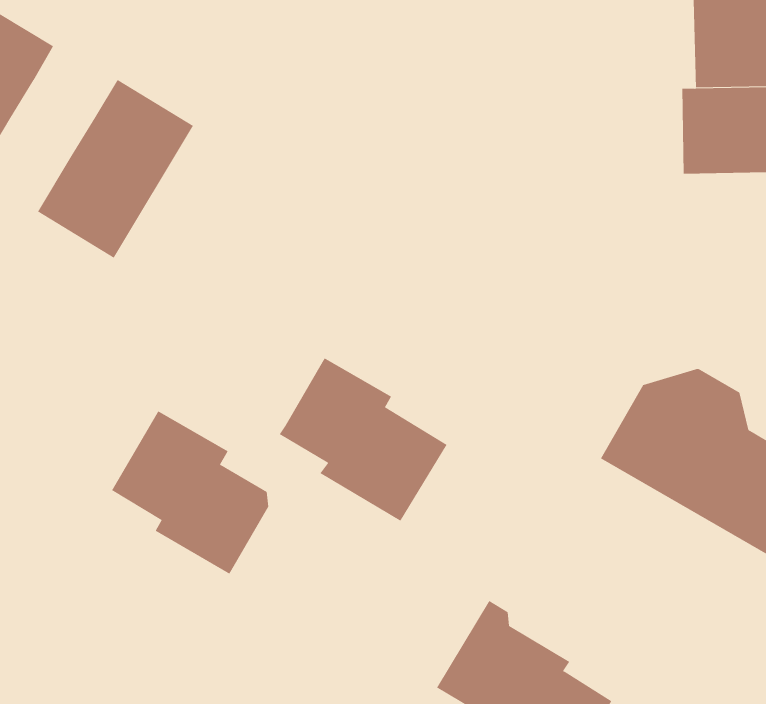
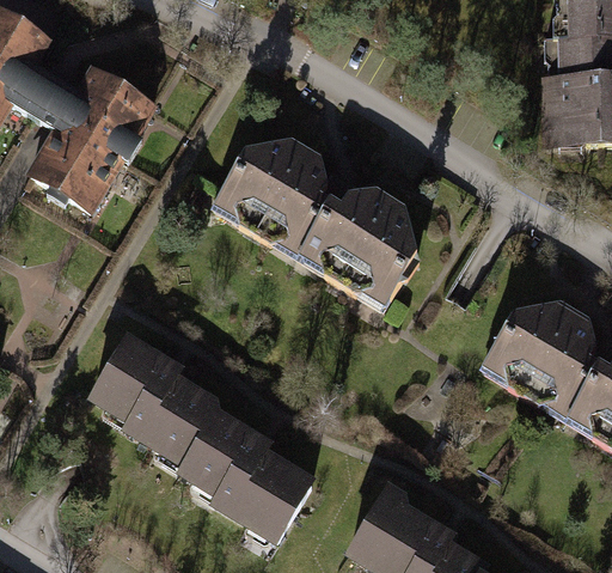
building: none -> [10,72,76,132]
building: none -> [209,135,412,305]
building: [279,357,447,521] -> [179,410,313,541]

